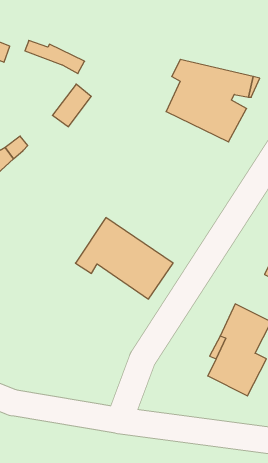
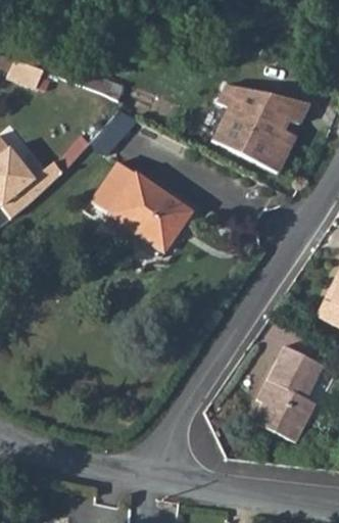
building: [75,218,173,299] -> [85,161,190,249]

